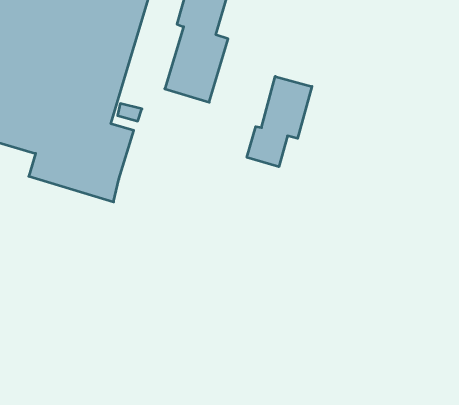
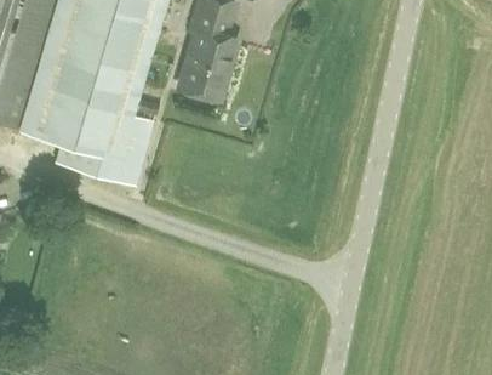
building: [247,76,312,167] -> none

